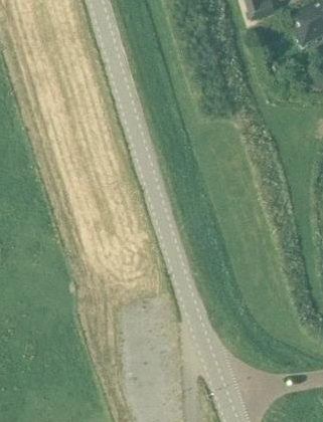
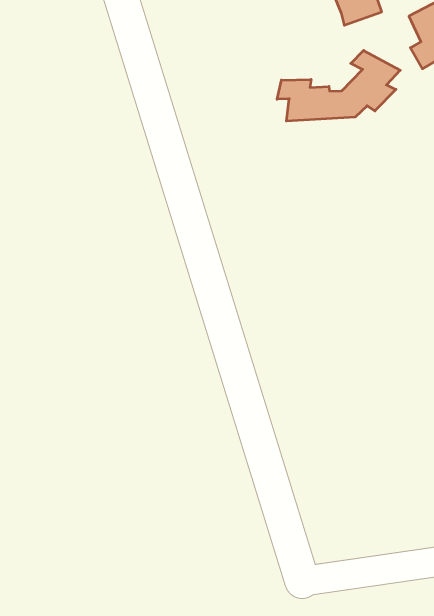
building: none -> [277,50,400,121]

